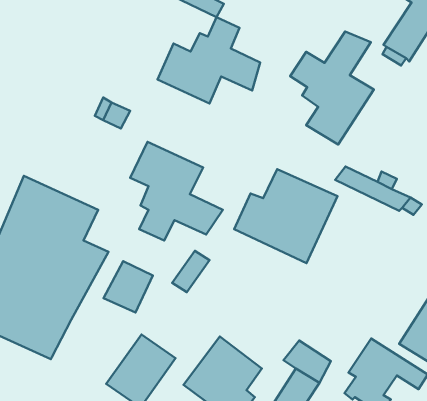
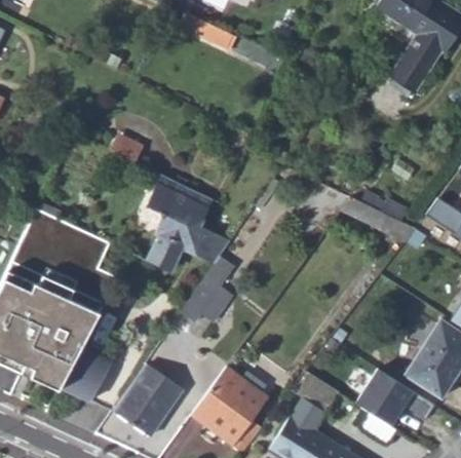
building: [158,17,260,103] -> none
building: [290,31,374,145] -> none
building: [234,169,337,263] -> none
building: [103,261,153,313] -> [60,350,109,402]

